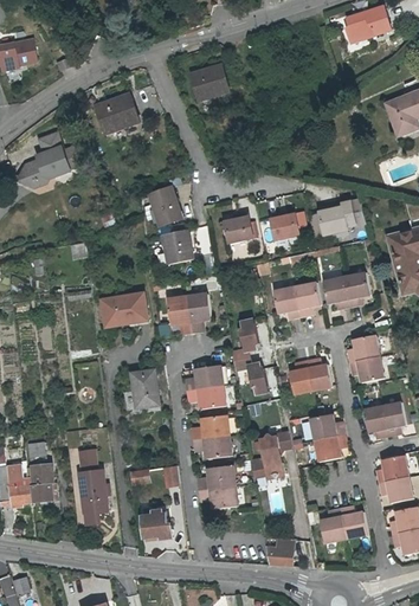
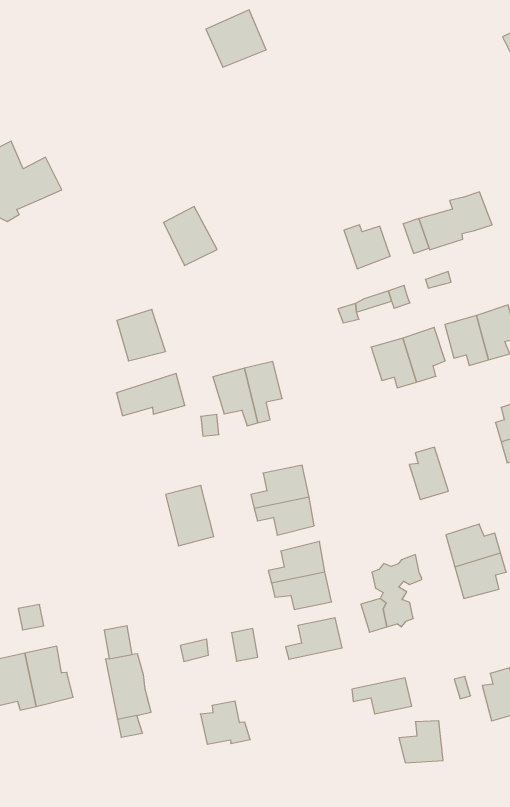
building: [95,94,138,134] -> none
building: [220,212,249,243] -> none
building: [160,232,189,264] -> [117,309,166,361]
building: [232,320,270,393] -> none
building: [309,359,333,391] -> none
building: [199,485,237,507] -> [352,678,412,714]

